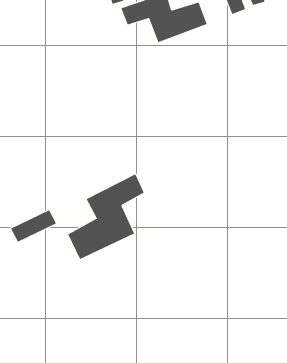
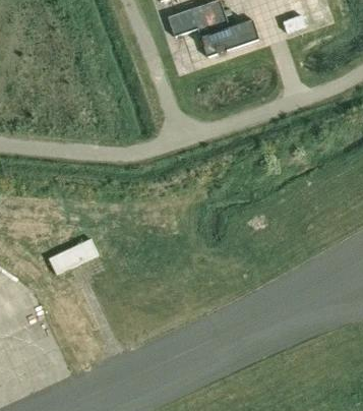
building: [68,173,145,260] -> none

